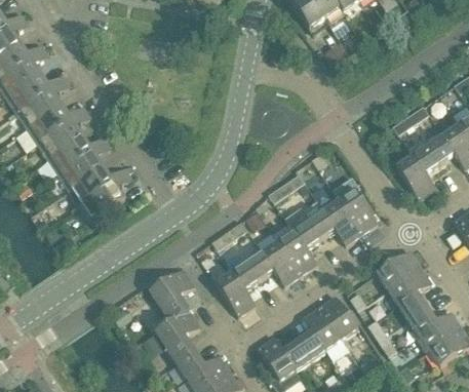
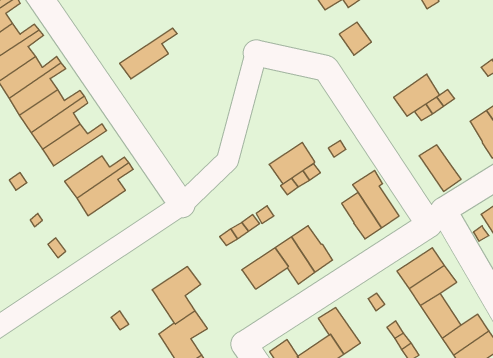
building: [413,133,455,172] -> [394,74,439,116]
building: [57,142,111,189] -> [120,28,177,79]
building: [294,209,336,247] -> [269,142,315,183]
building: [216,271,255,315] -> none
building: [319,295,358,339] -> none

